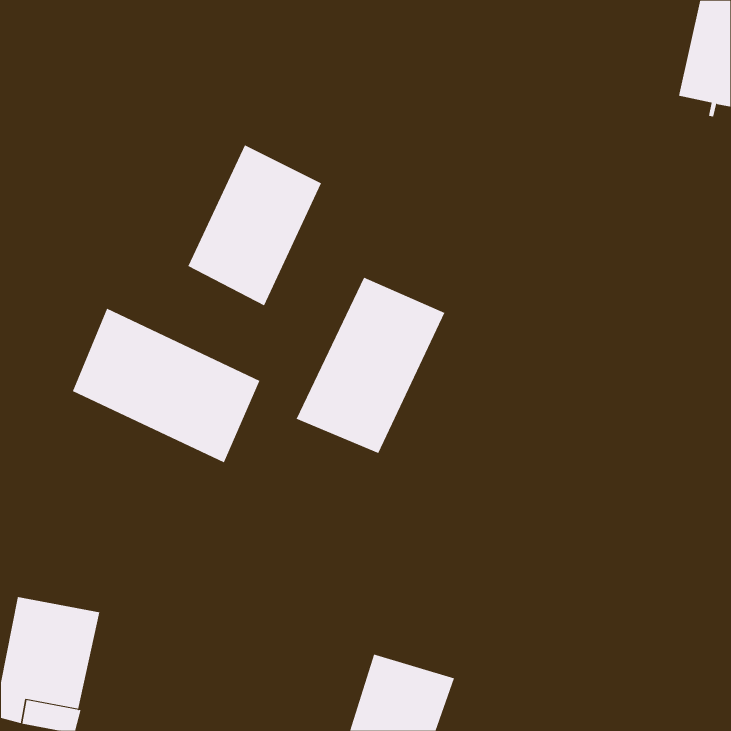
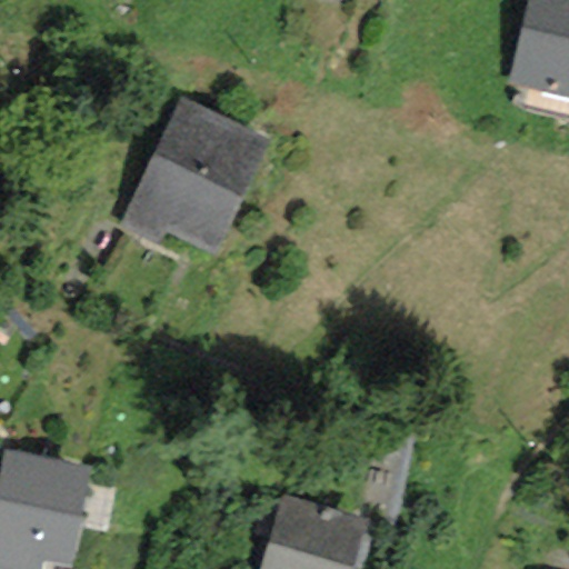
building: [296,277,445,454] -> none
building: [72,308,260,463] -> none

